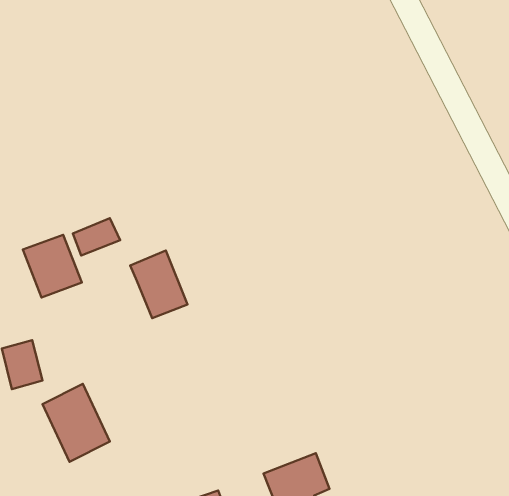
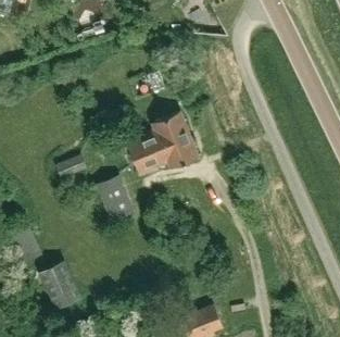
building: none -> [126,112,198,173]
building: [23,235,82,297] -> none

